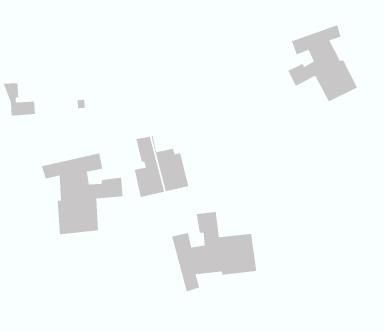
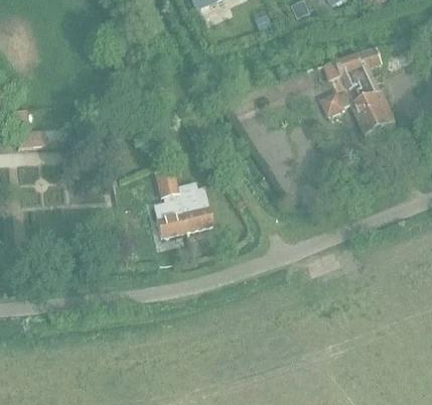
building: [41,152,124,235] -> none
building: [171,211,257,293] -> none

